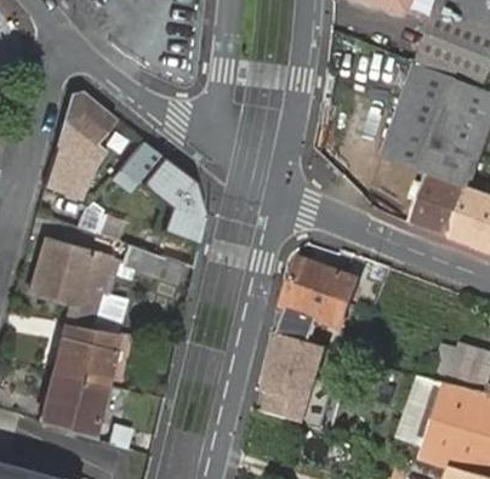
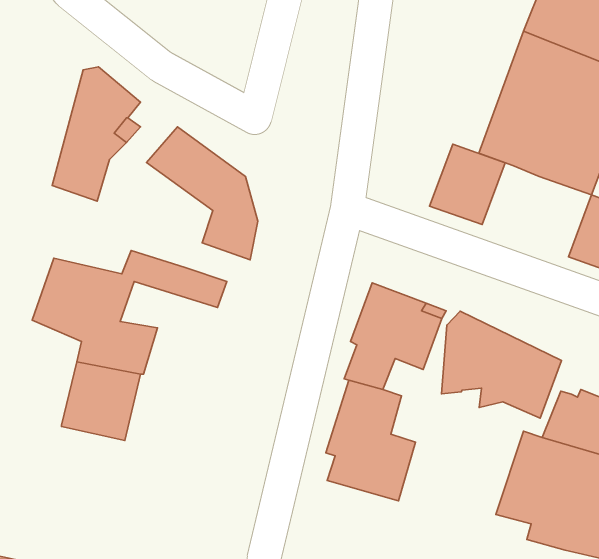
building: [410,176,469,239] -> [430,144,505,225]
building: none -> [442,311,562,418]
building: [42,372,135,447] -> none

